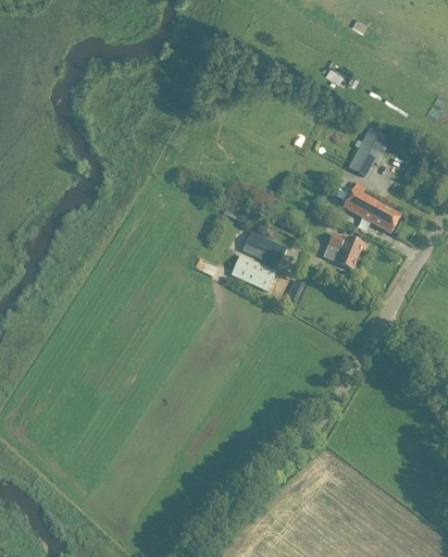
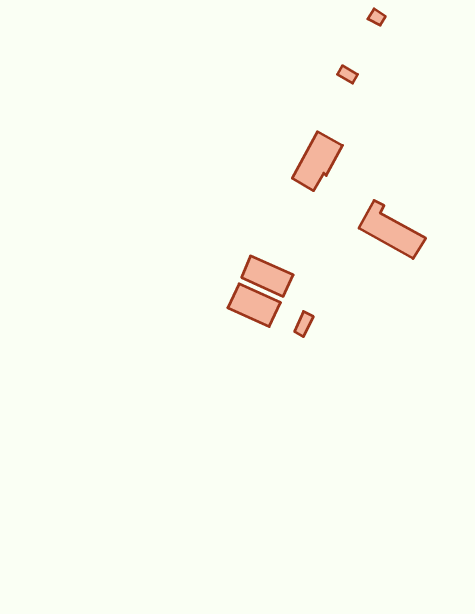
building: [347,125,390,176] -> [292,132,343,191]
building: [325,232,364,268] -> none

